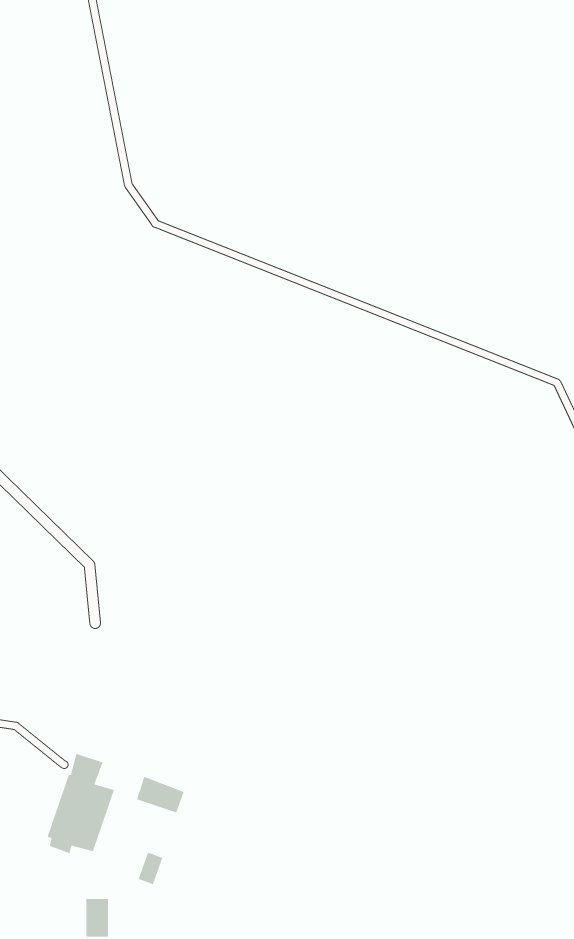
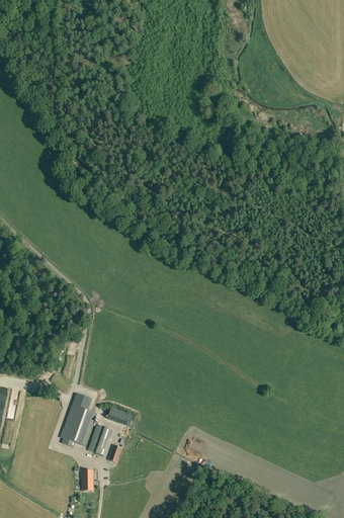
building: none -> [88,424,112,455]

